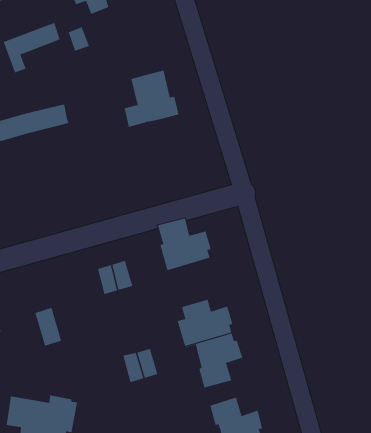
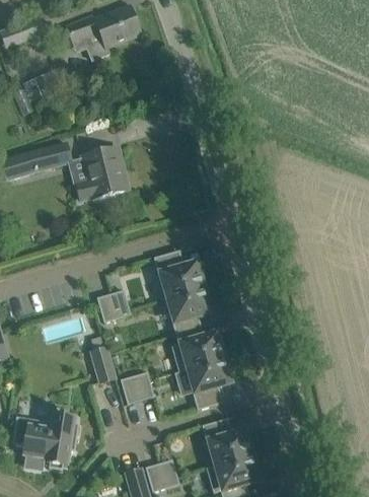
building: [124,70,179,128] -> [76,147,128,201]
building: none -> [162,287,213,333]
building: [35,307,62,346] -> [90,346,116,382]

